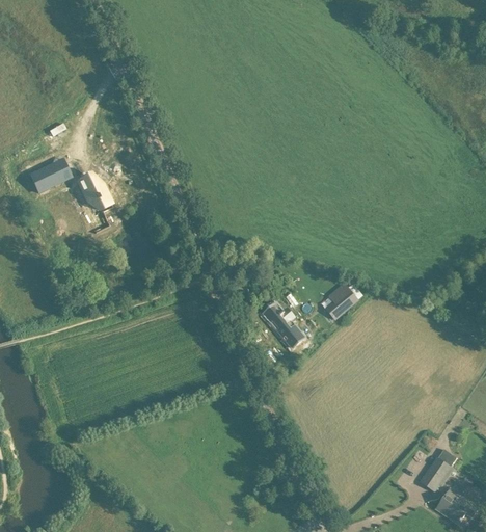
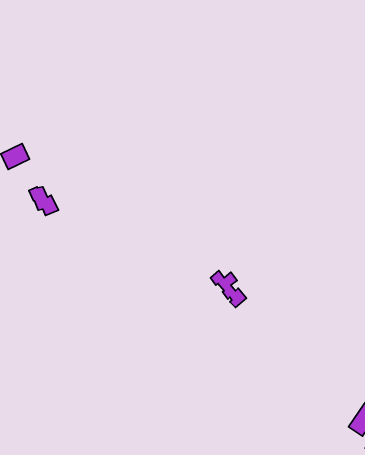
building: [78,177,111,209] -> [29,187,58,216]
building: [325,288,357,319] -> none

